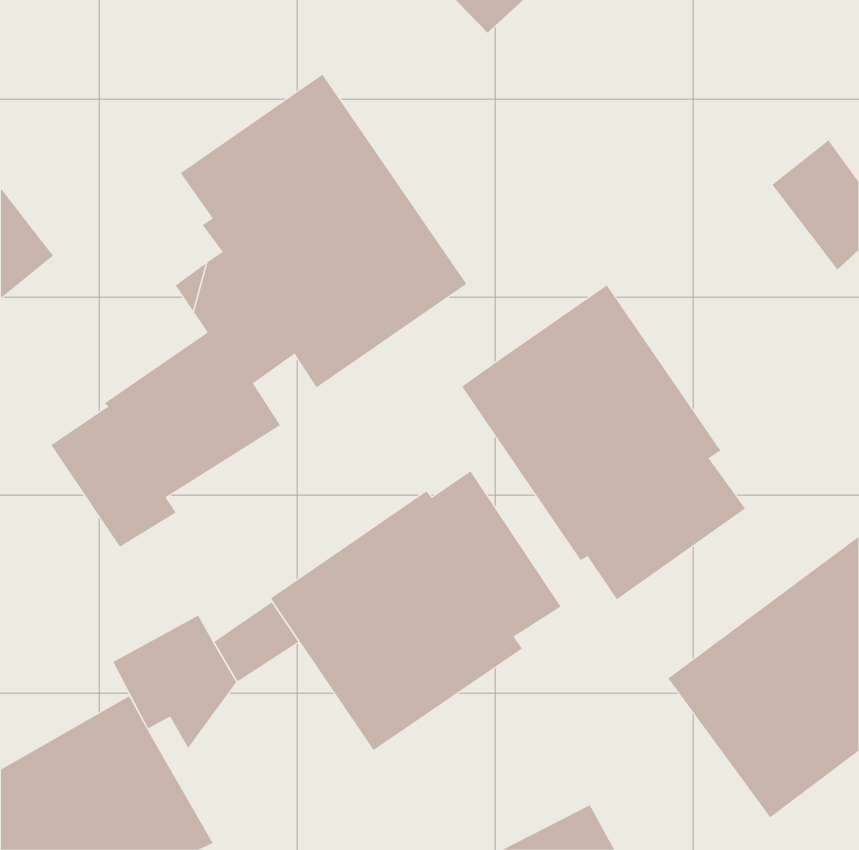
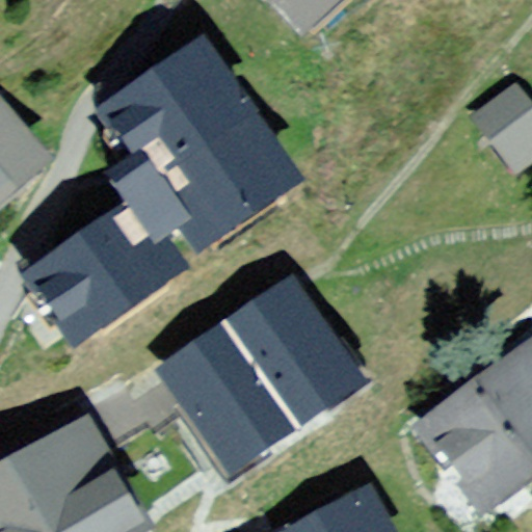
building: [461,284,746,600] -> none

